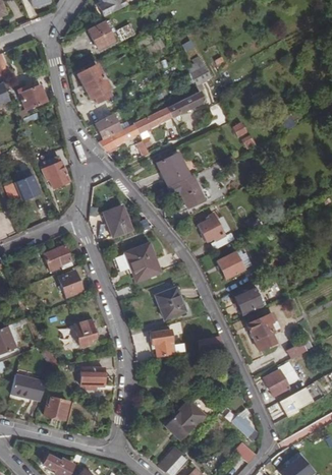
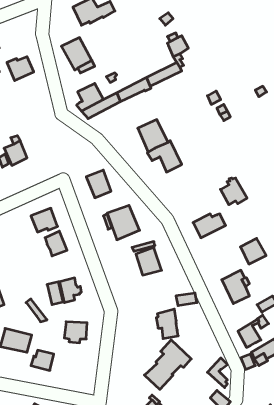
building: [43,161,70,187] -> none
building: [198,213,226,241] -> [220,178,247,205]
building: [234,286,262,313] -> [240,238,266,264]
building: [150,324,173,356] -> [156,309,178,339]

